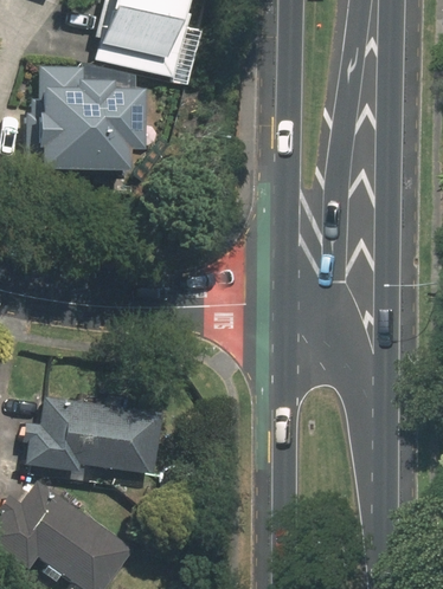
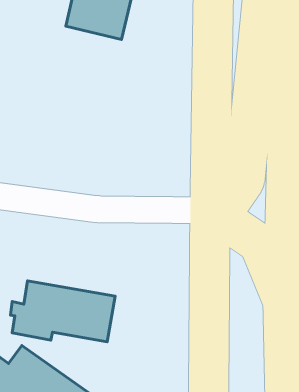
building: [33,65,142,171] -> none

